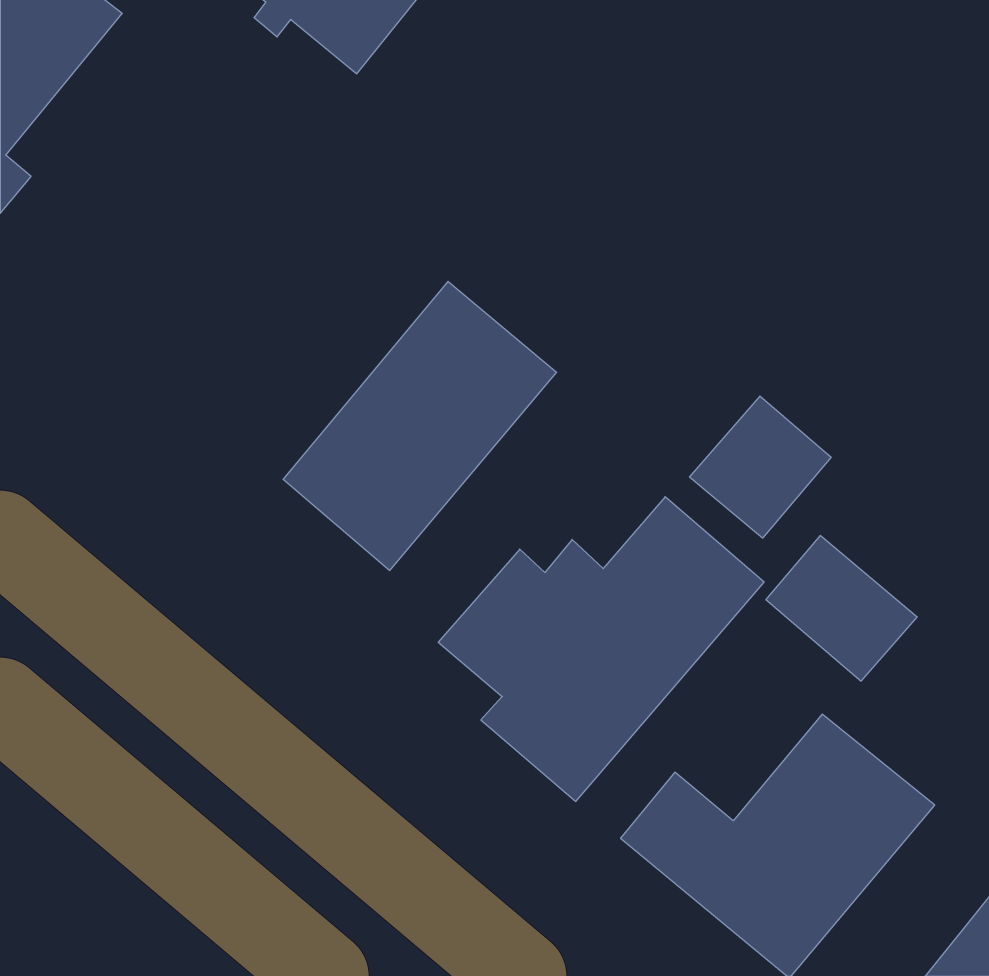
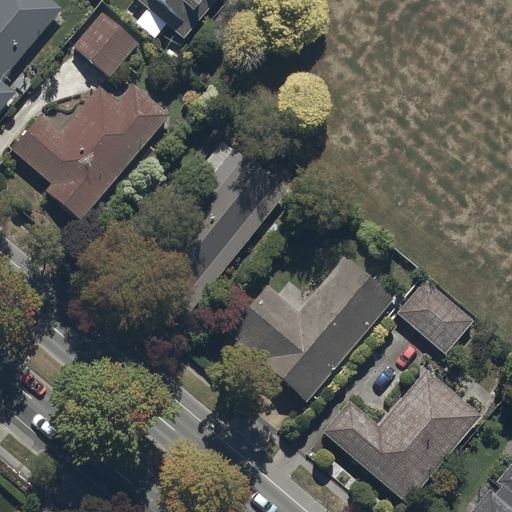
building: none -> [74,10,140,75]
building: none -> [9,84,169,220]
building: [690,396,831,538] -> none

